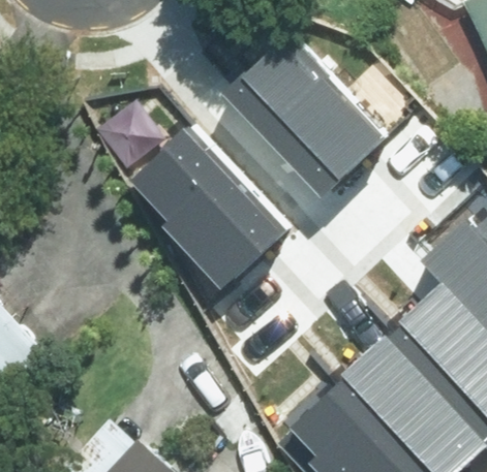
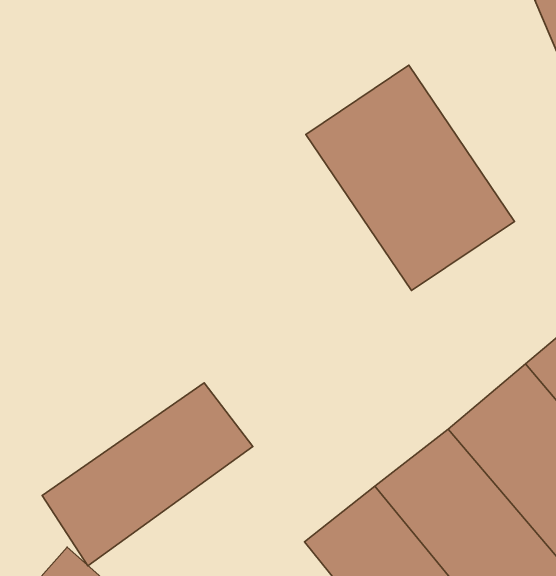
building: [150,131,309,307] -> none
building: none -> [42,383,253,566]

